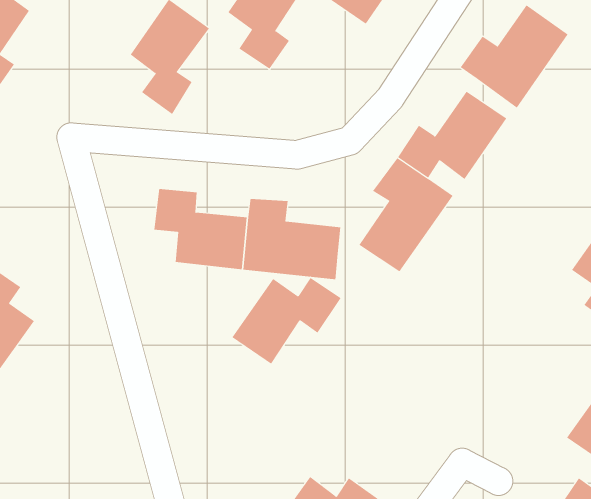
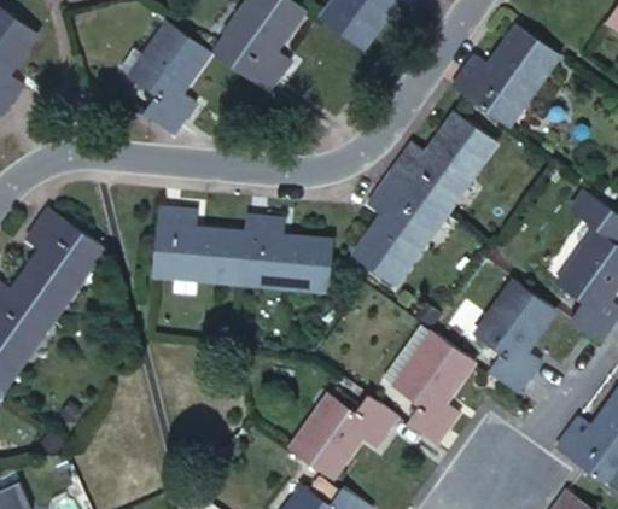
building: none -> [14,207,89,318]
building: none -> [477,280,552,388]
building: [232,277,342,365] -> [293,393,400,478]
building: none -> [396,330,476,441]

